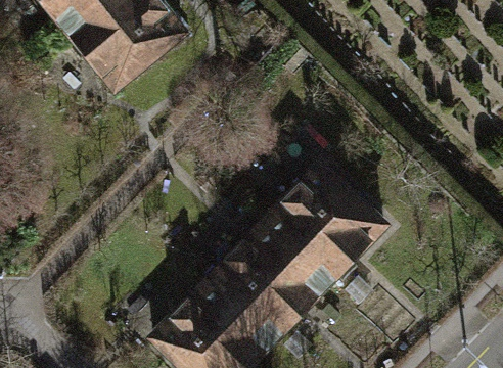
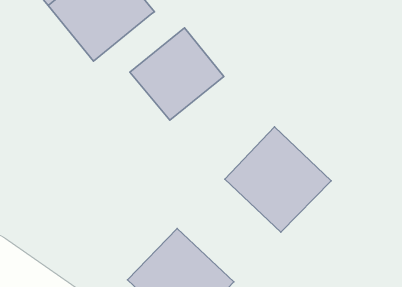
building: none -> [130,28,224,120]
building: [210,225,327,341] -> none

